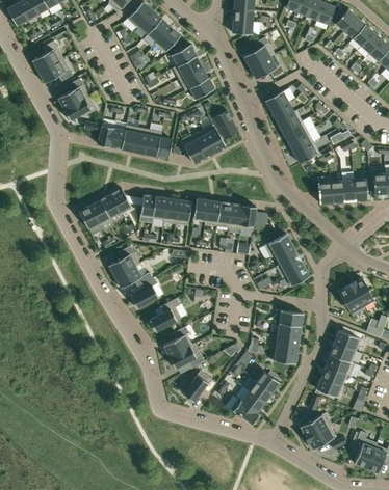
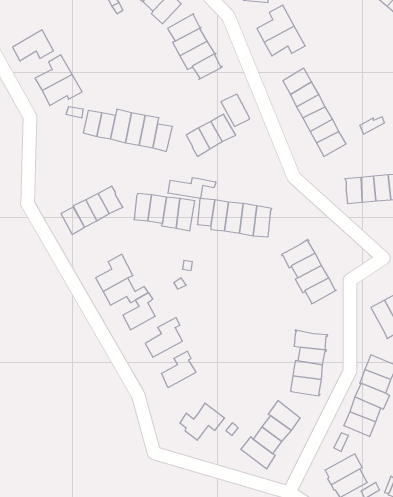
building: [32,42,63,73] -> none
building: none -> [168,178,216,199]
building: [168,344,204,370] -> none

